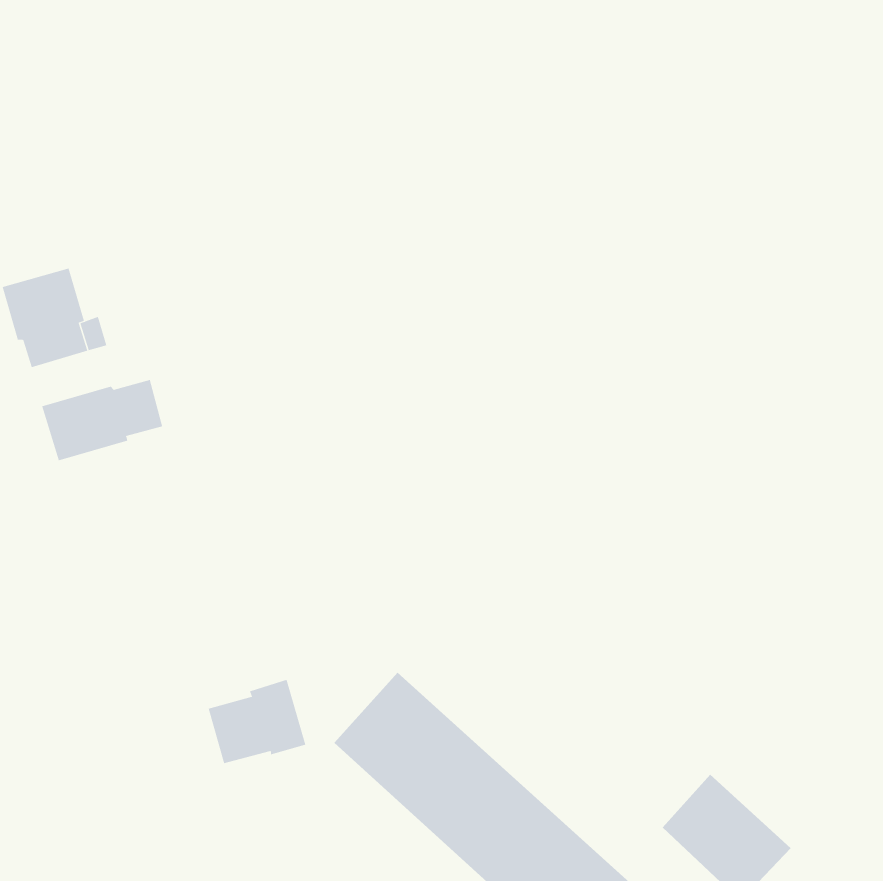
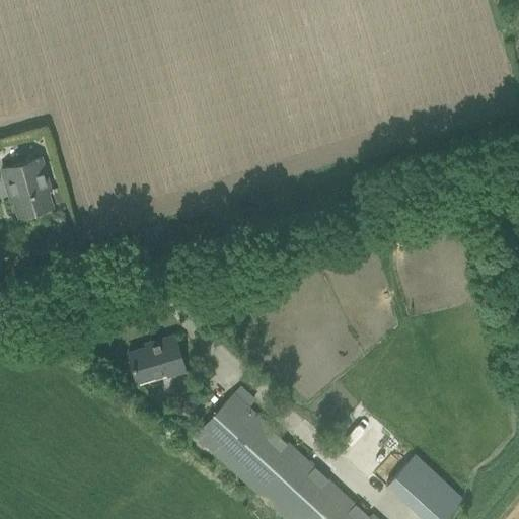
building: [42,379,163,461] -> none
building: [208,679,306,764] -> [128,336,186,385]

